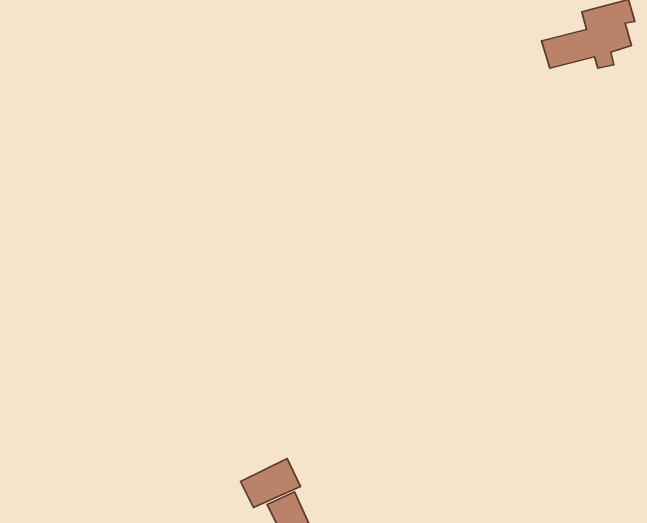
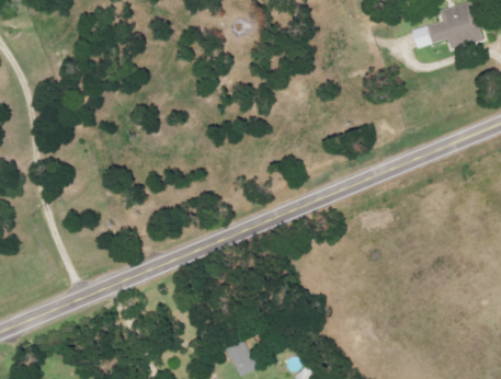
building: [240,459,300,507] -> none

